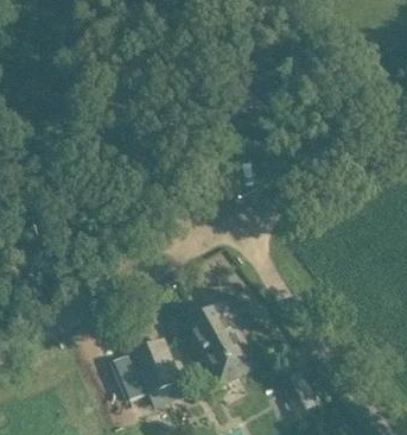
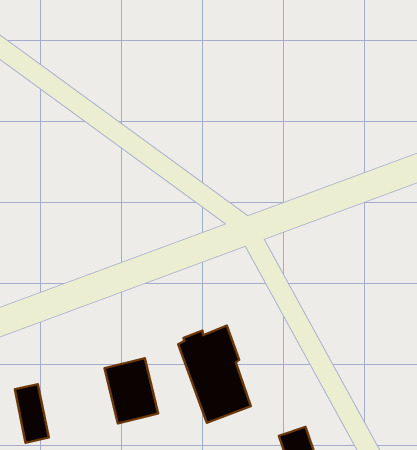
building: [112,353,145,402] -> [15,384,49,443]

